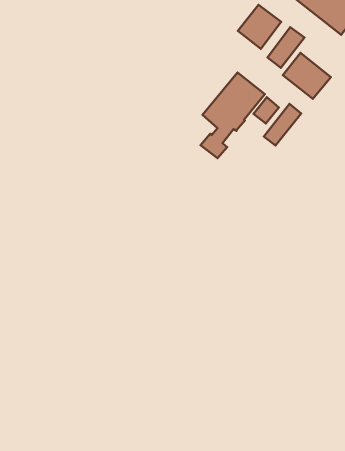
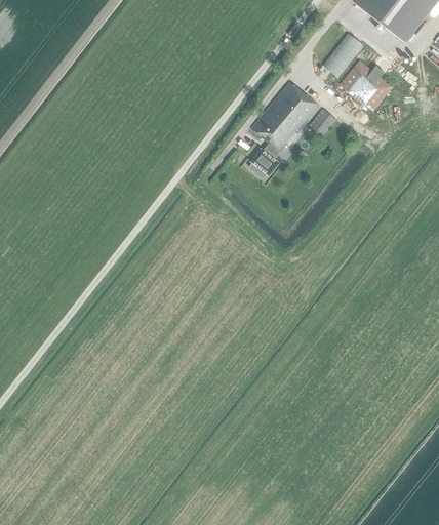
building: [238,5,281,49] -> none
building: [264,104,301,145] -> none

